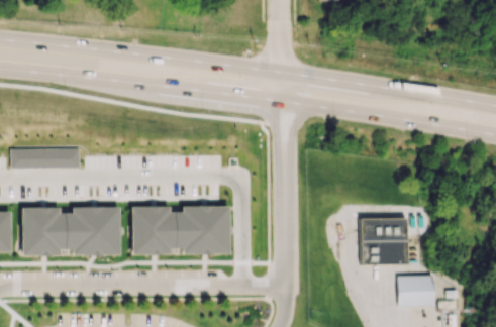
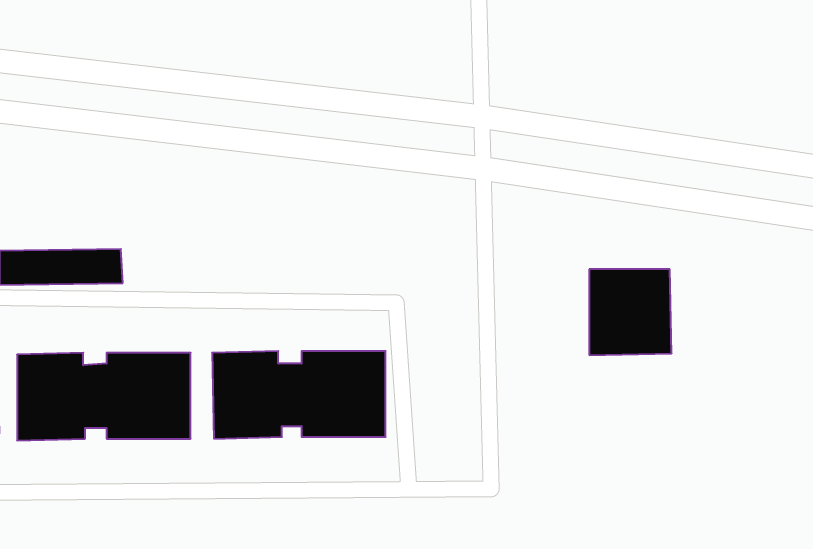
building: [364,218,410,266] -> [589,269,672,355]
building: [401,276,437,307] -> none

